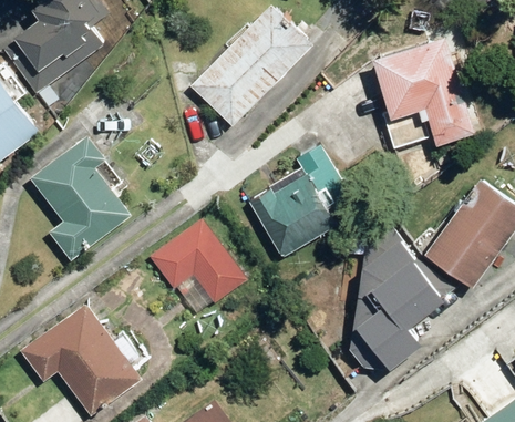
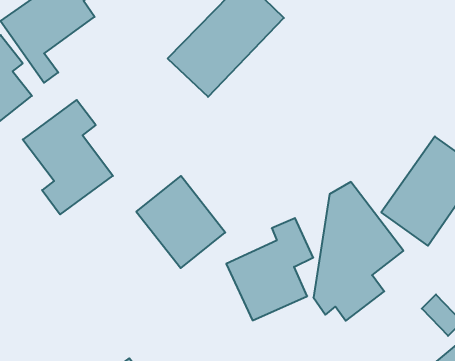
building: [370,38,478,146] -> none
building: [249,147,344,259] -> [226,218,313,320]
building: [19,301,141,413] -> none

